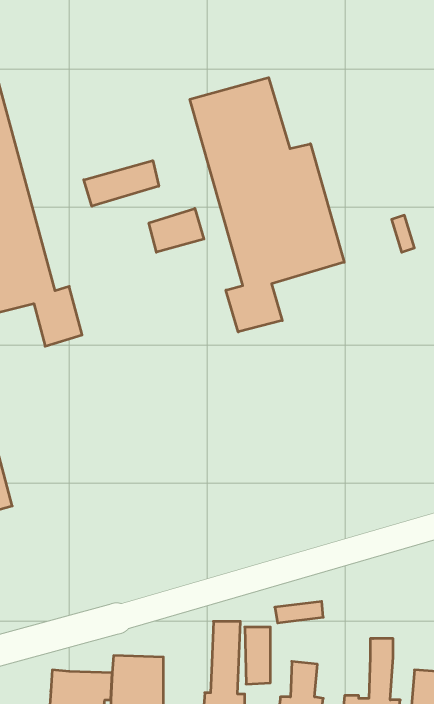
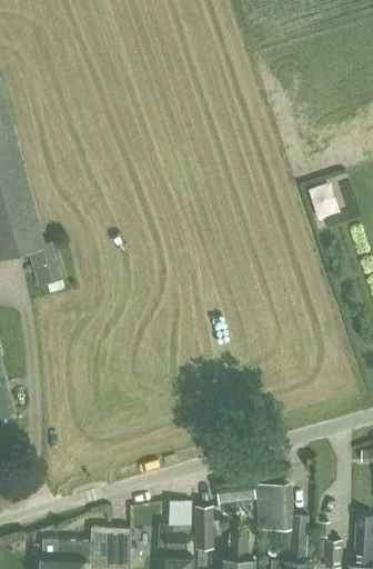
building: [190,78,344,332] -> none
building: [84,161,159,206] -> none
building: [149,208,204,252] -> none
building: none -> [256,485,288,532]

